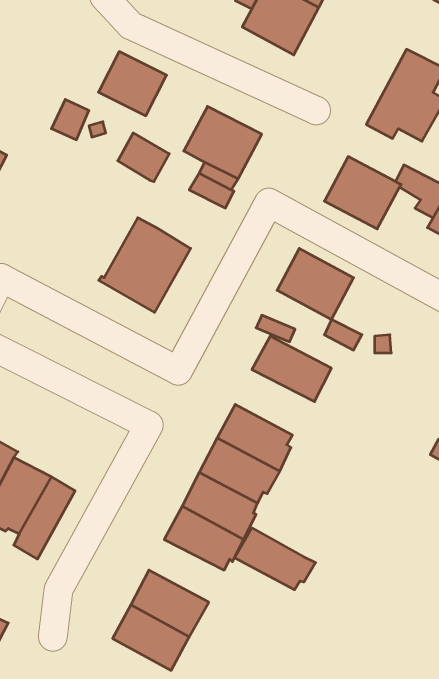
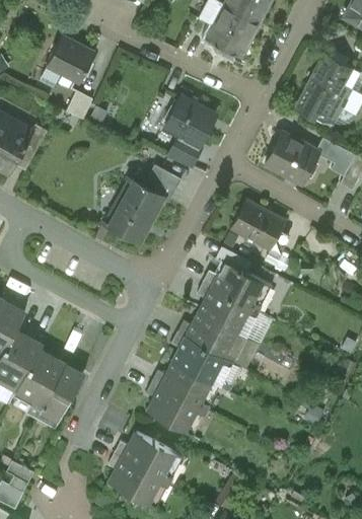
building: [98,52,167,116] -> [46,35,95,82]
building: [118,133,169,182] -> [143,164,180,200]
building: none -> [199,287,257,335]
building: [234,528,316,590] -> none

